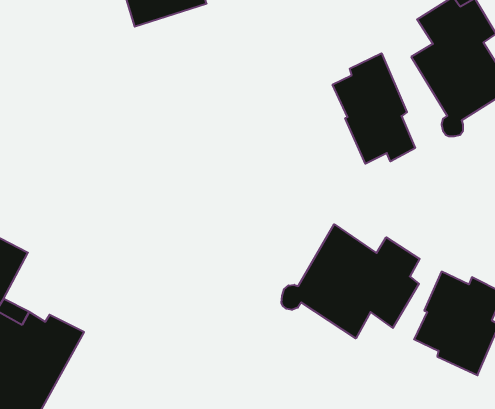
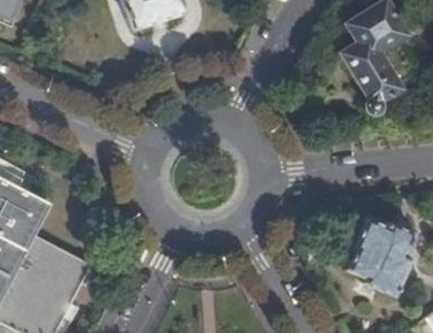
building: [333,53,415,164] -> none
building: [282,224,420,338] -> none

